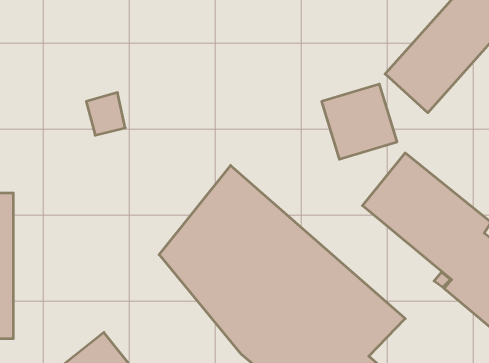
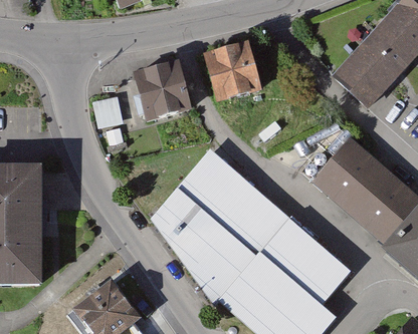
building: none -> [130,65,189,121]
building: [322,84,397,159] -> [205,40,265,100]

